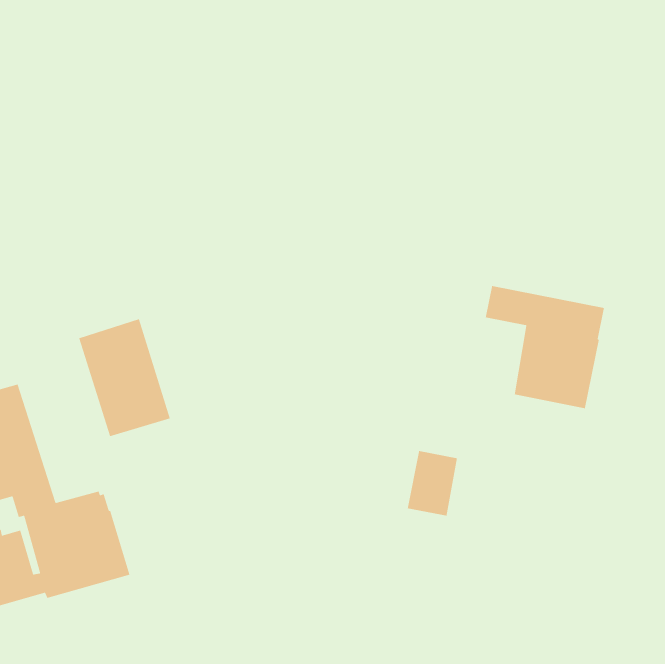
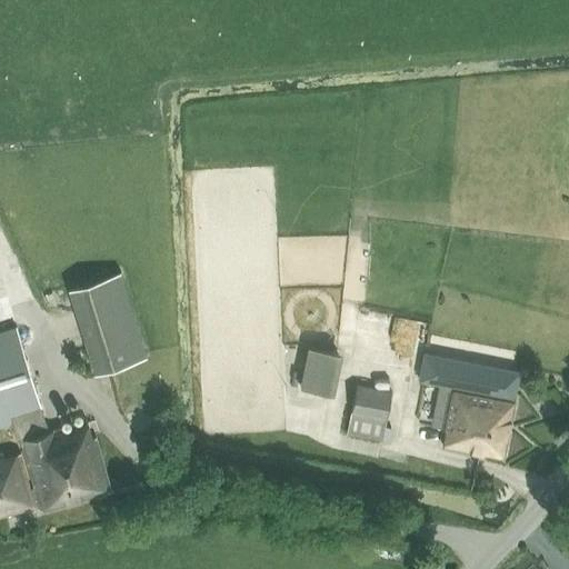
building: [485,285,605,409] -> [417,353,519,459]
building: none -> [299,347,341,393]

